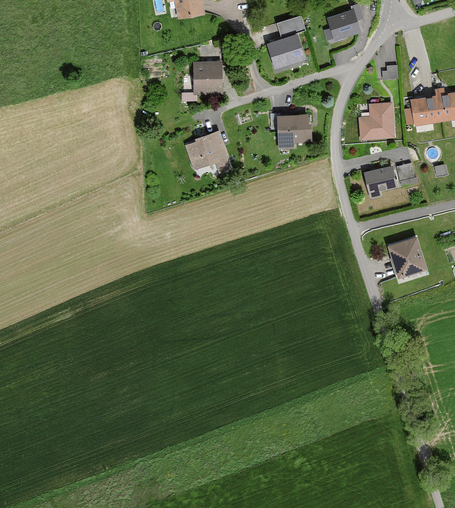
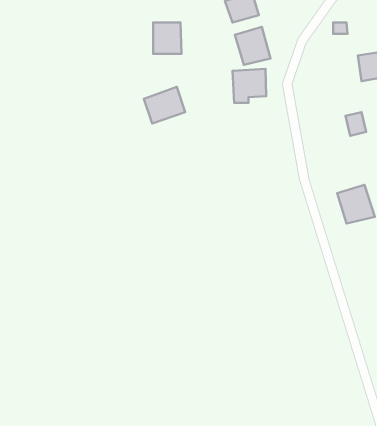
building: none -> [235,27,270,65]
building: [357,103,394,142] -> none
building: [364,166,397,196] -> none

